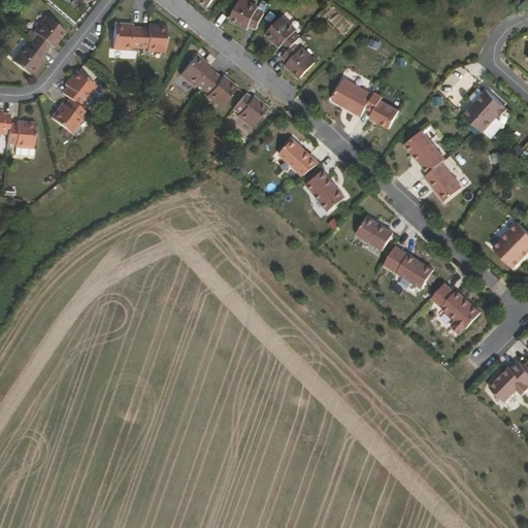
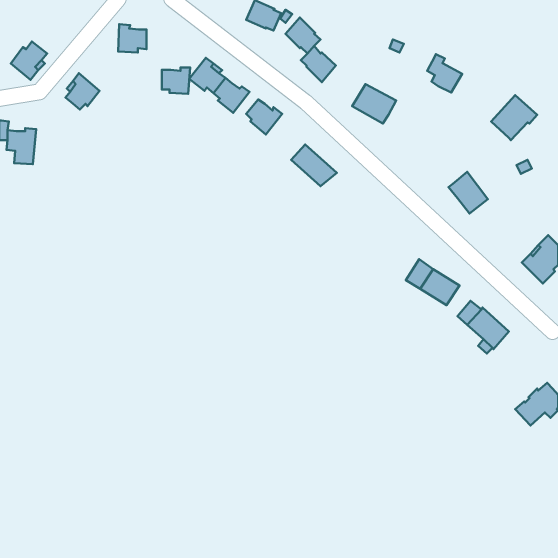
building: [30,16,64,51] -> none
building: [138,26,165,51] -> [162,68,190,94]
building: [366,93,399,129] -> [427,54,462,93]
building: [50,98,84,133] -> none
building: [403,130,444,173] -> none
building: [306,170,344,210] -> none
building: [356,217,392,250] -> none

